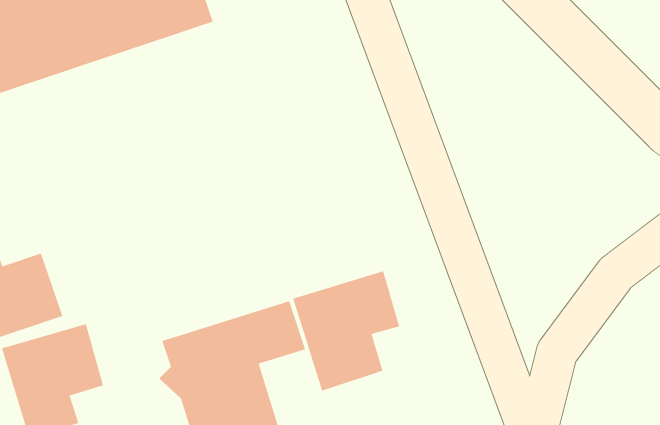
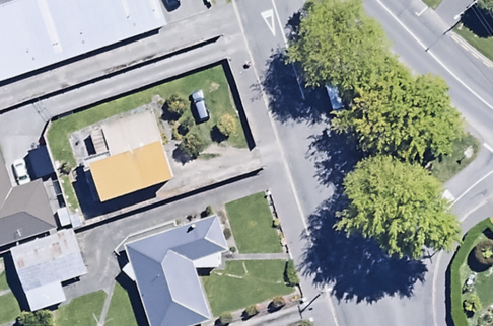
building: none -> [82,114,172,205]
building: [292,271,400,391] -> none

